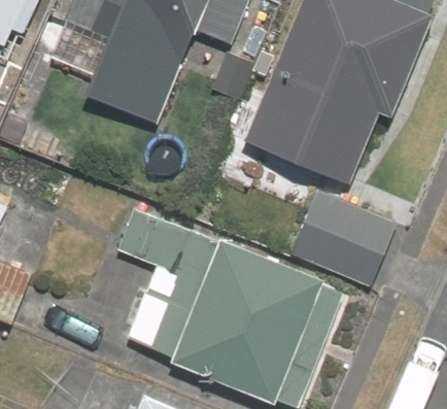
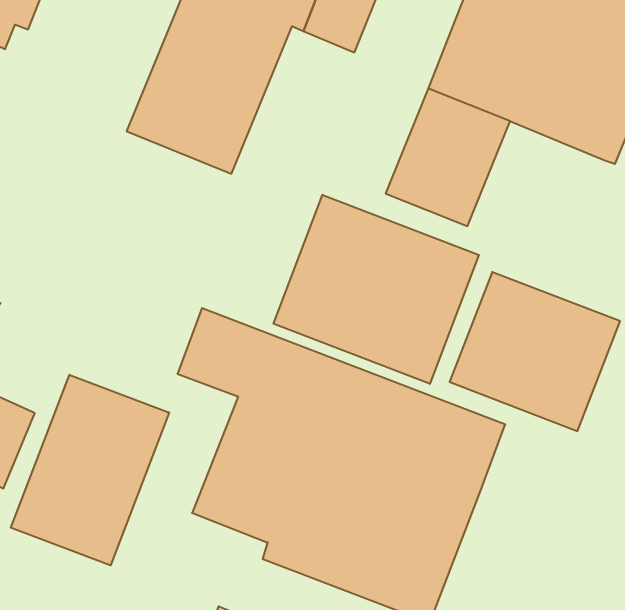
building: none -> [273,195,479,384]
building: none -> [11,375,169,565]

